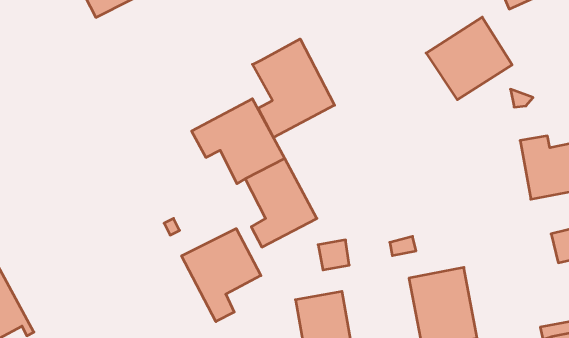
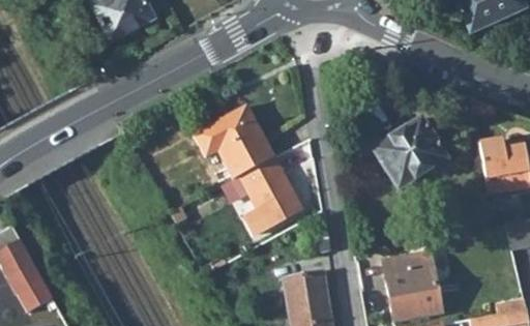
building: [426,17,512,100] -> [372,119,446,190]
building: [252,39,335,138] -> none
building: [182,229,261,322] -> none

